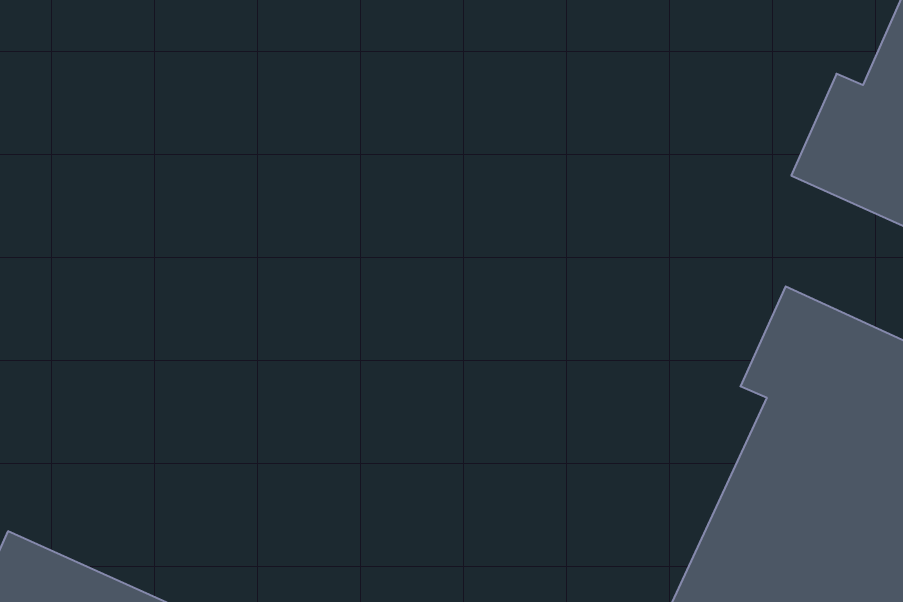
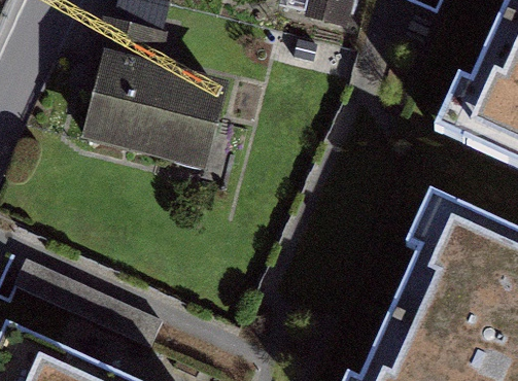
building: none -> [87,57,223,172]

